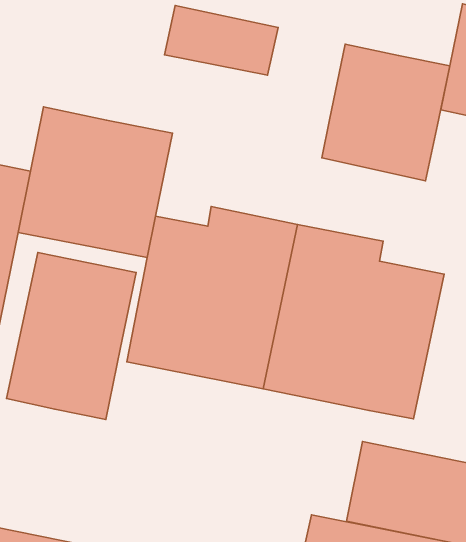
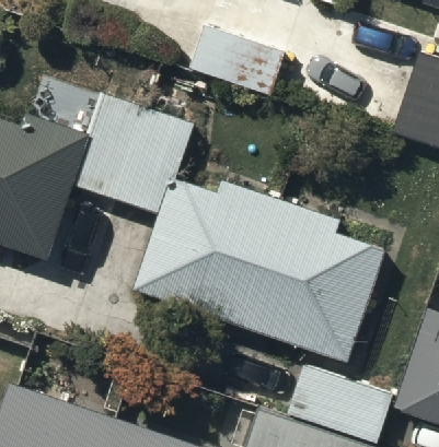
building: [322,44,450,181] -> none
building: [7,253,136,420] -> none

